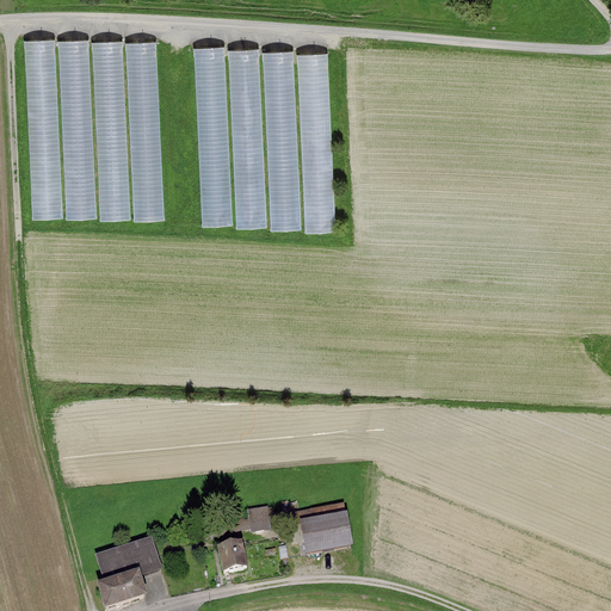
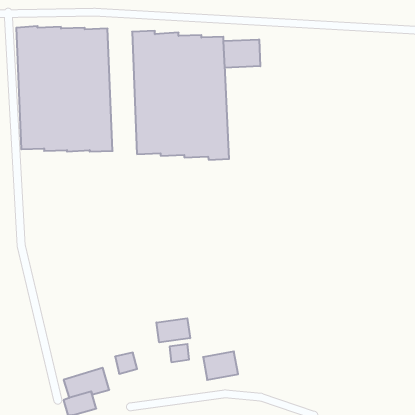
building: none -> [224,39,260,68]
building: none -> [156,318,190,342]
building: [212,543,245,574] -> [115,353,137,374]

